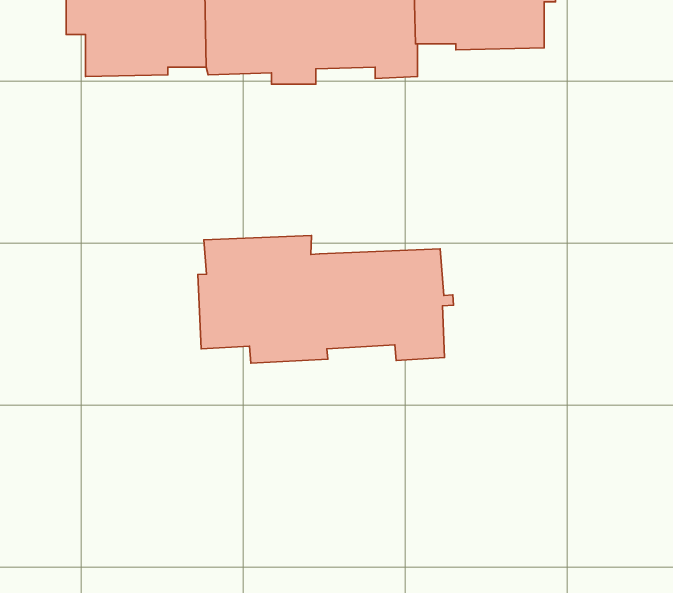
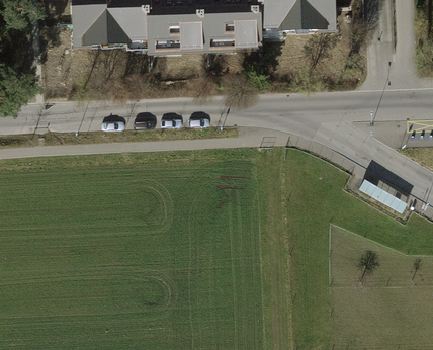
building: [198,235,454,363] -> none

